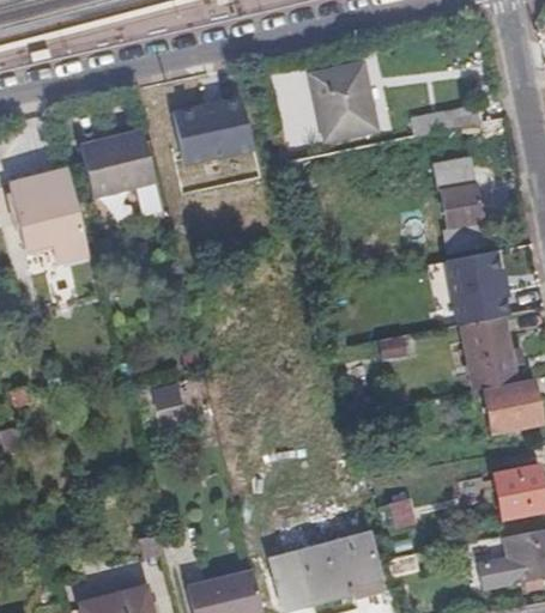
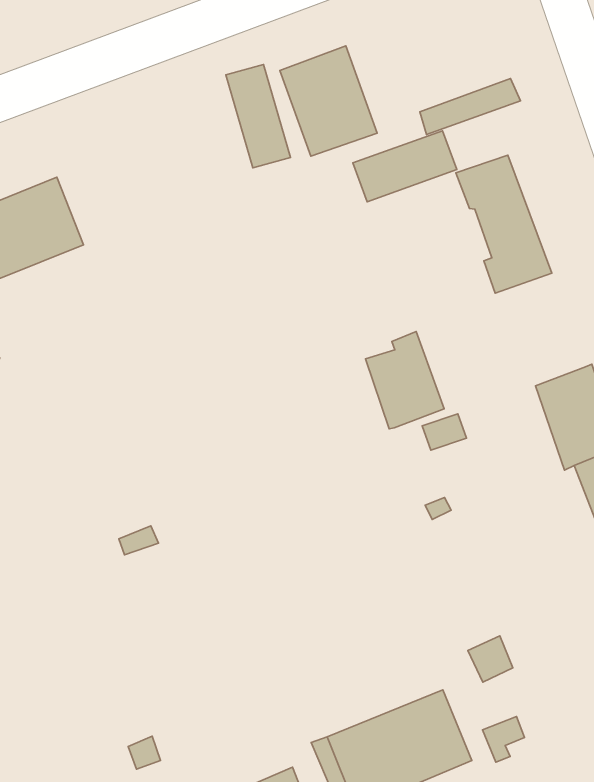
building: [176,96,258,163] -> none
building: none -> [353,131,457,202]
building: [449,260,499,326] -> [366,331,444,429]

